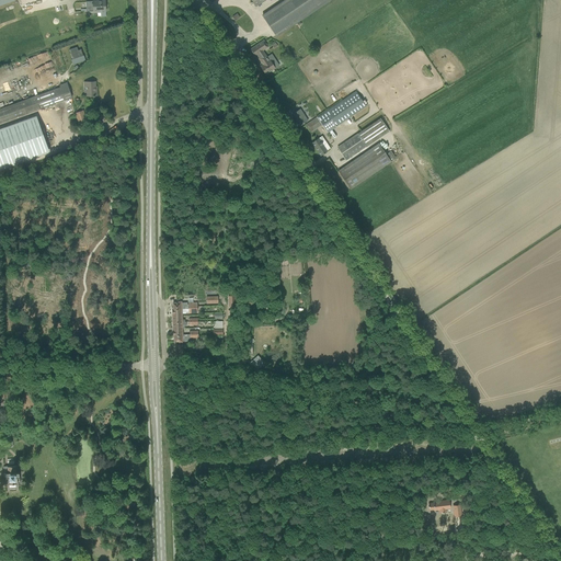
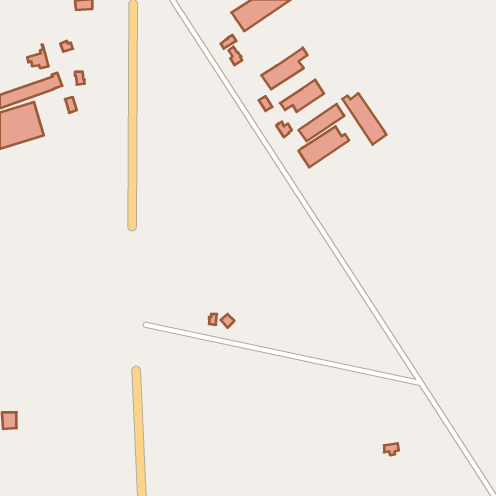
building: none -> [261,48,307,89]
building: none -> [342,93,386,145]

